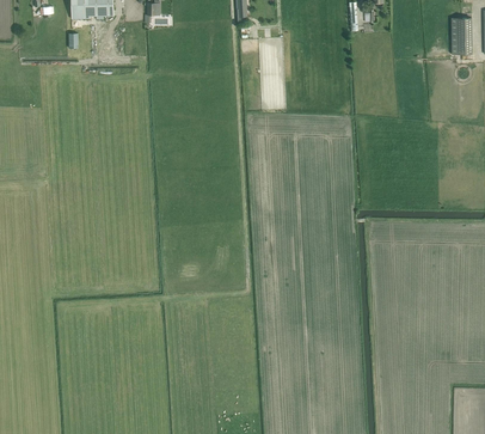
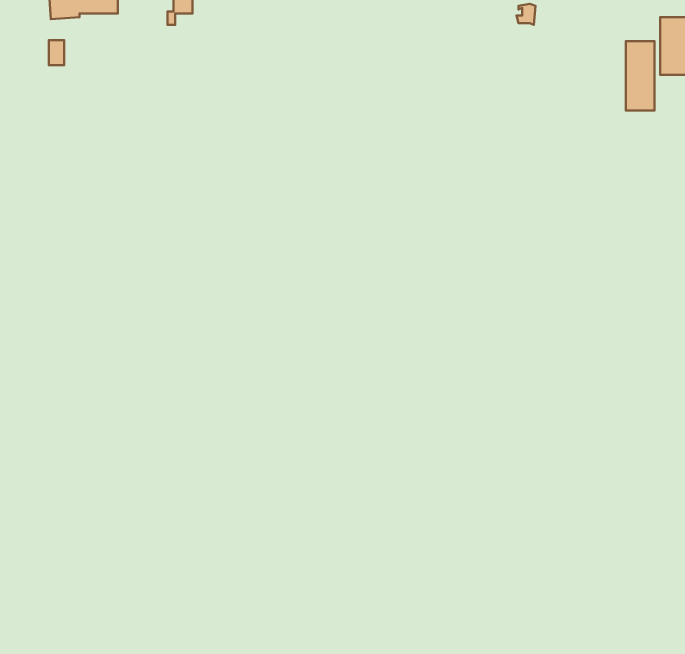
building: none -> [626,41,654,111]

